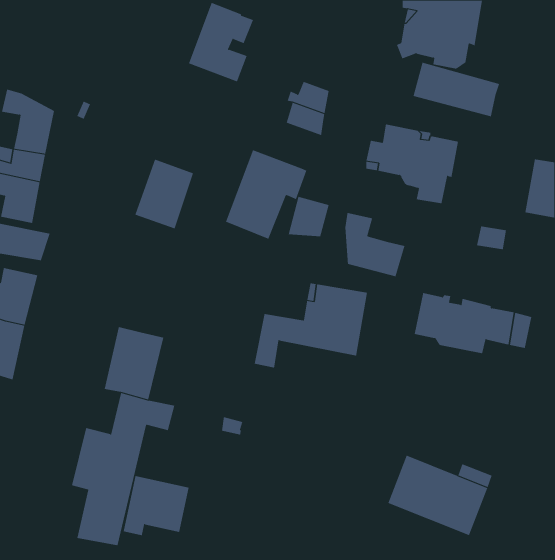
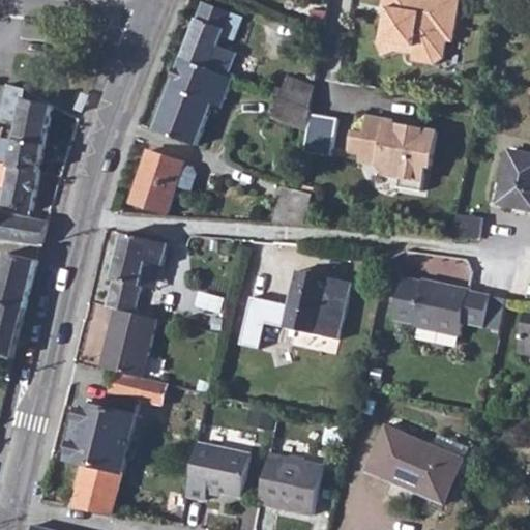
building: [413,62,500,117] -> none
building: none -> [300,113,334,155]
building: [225,150,307,239] -> [152,60,230,145]
building: [345,212,405,277] -> none
building: none -> [102,233,167,314]
building: [123,475,190,536] -> [185,441,248,498]
building: none -> [257,455,320,514]

